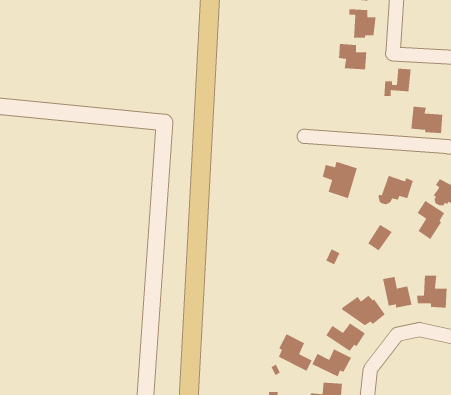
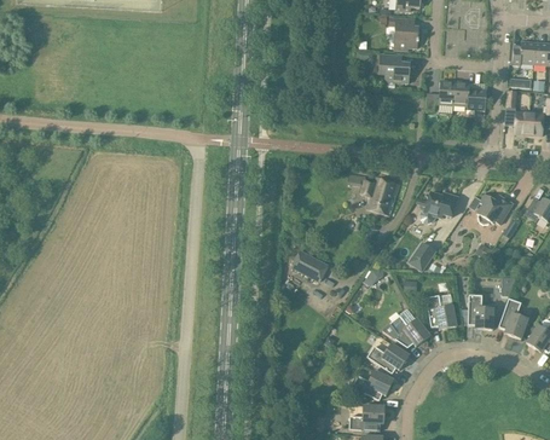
building: [410,106,443,134] -> [452,80,486,109]
building: [417,200,445,240] -> none
building: none -> [293,250,329,280]
building: [278,333,313,372] -> none

